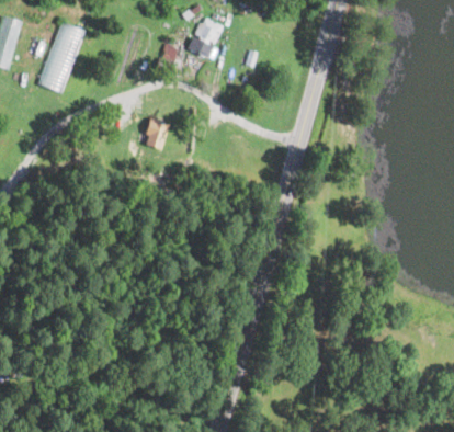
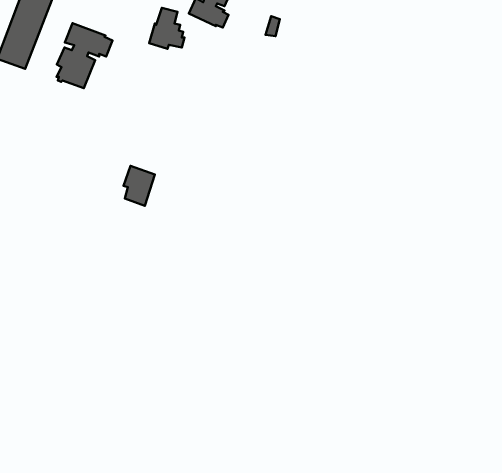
building: none -> [57,23,113,88]
building: [144,117,168,148] -> [123,166,155,206]

